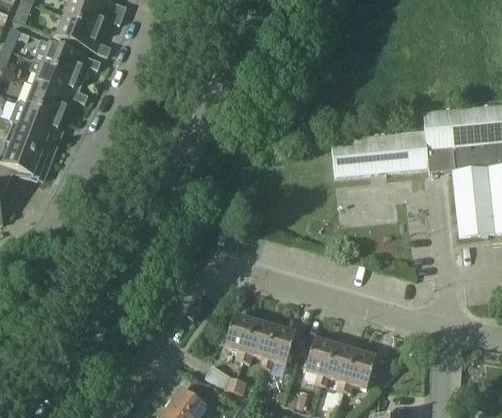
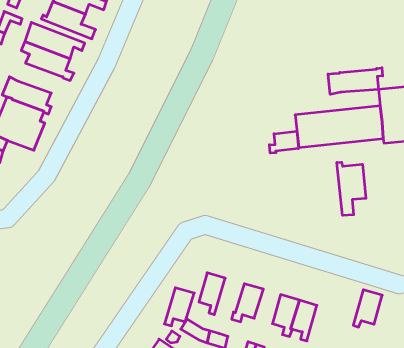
building: [26,83,75,116] -> none
building: none -> [328,68,383,94]
building: none -> [269,131,298,153]
building: none -> [337,162,366,215]
building: [242,320,275,362] -> [164,288,194,326]
building: [344,350,376,391] -> [353,290,382,327]

